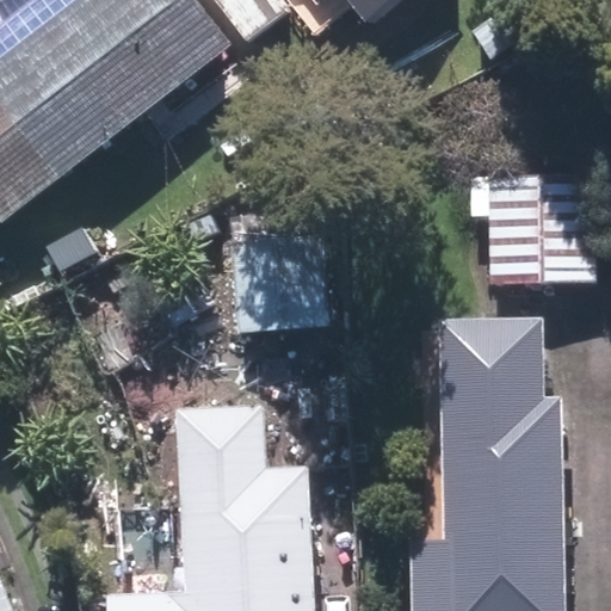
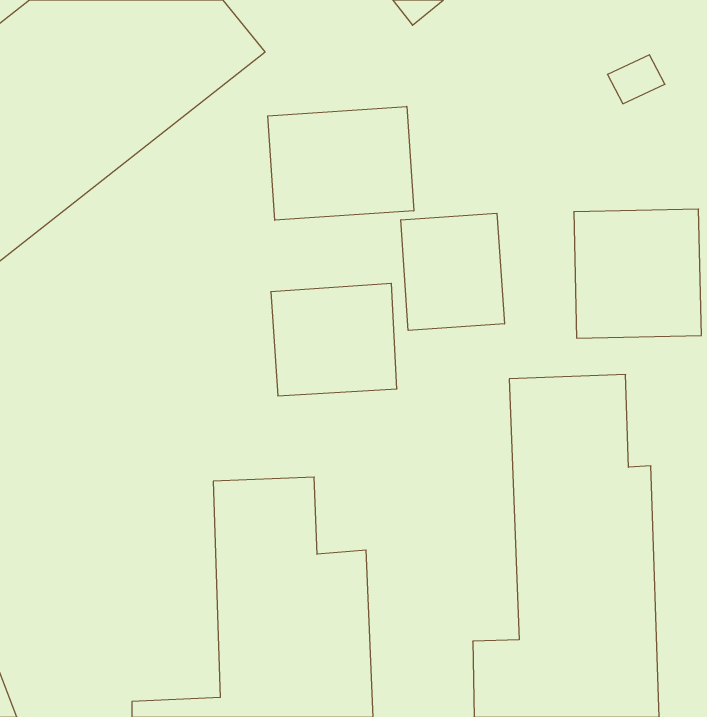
building: none -> [268,106,414,220]
building: none -> [401,213,504,330]

